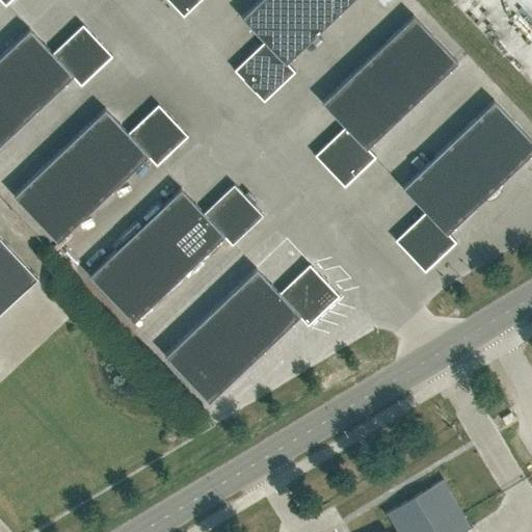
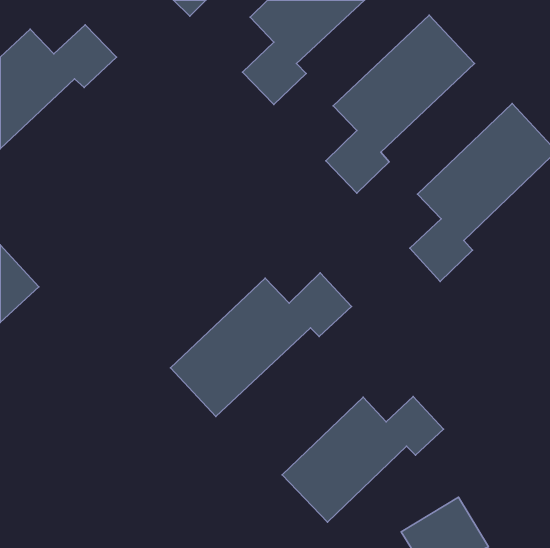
building: [15,107,188,244] -> none
building: [89,186,264,324] -> none
building: none -> [282,397,444,522]

